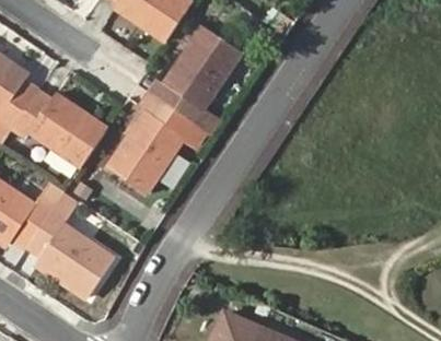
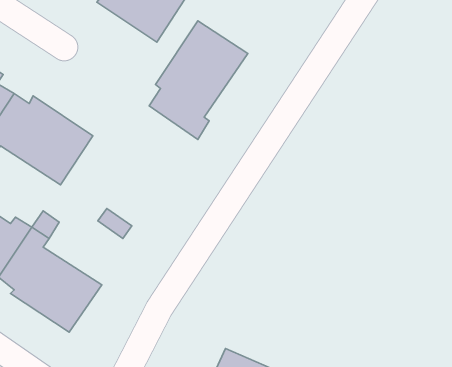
building: [105,99,199,195] -> none

